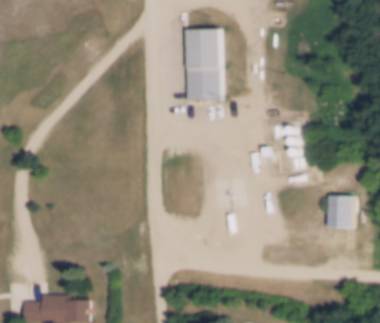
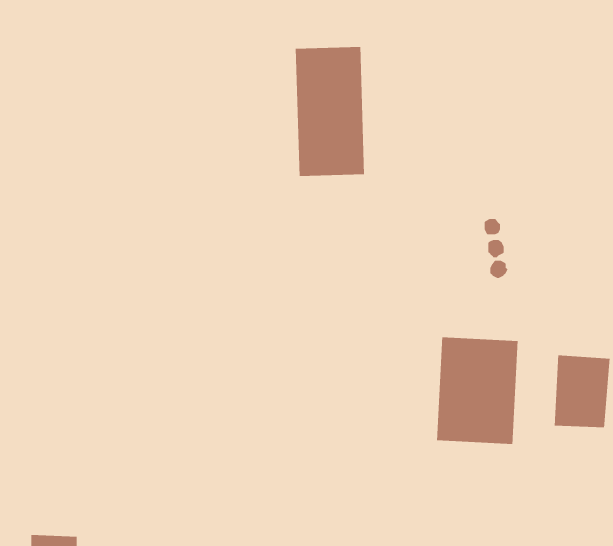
building: none -> [436,337,518,445]

